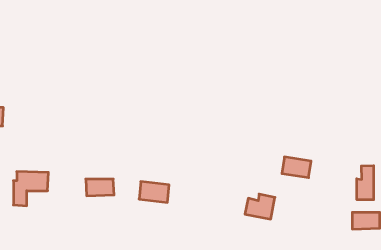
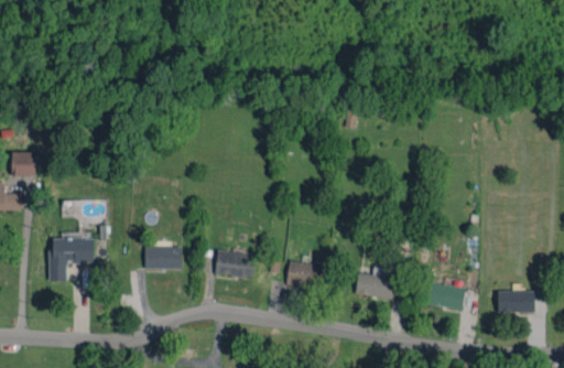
building: [282,157,311,178] -> [426,282,465,310]
building: [357,166,374,200] -> none
building: none -> [286,262,325,288]

